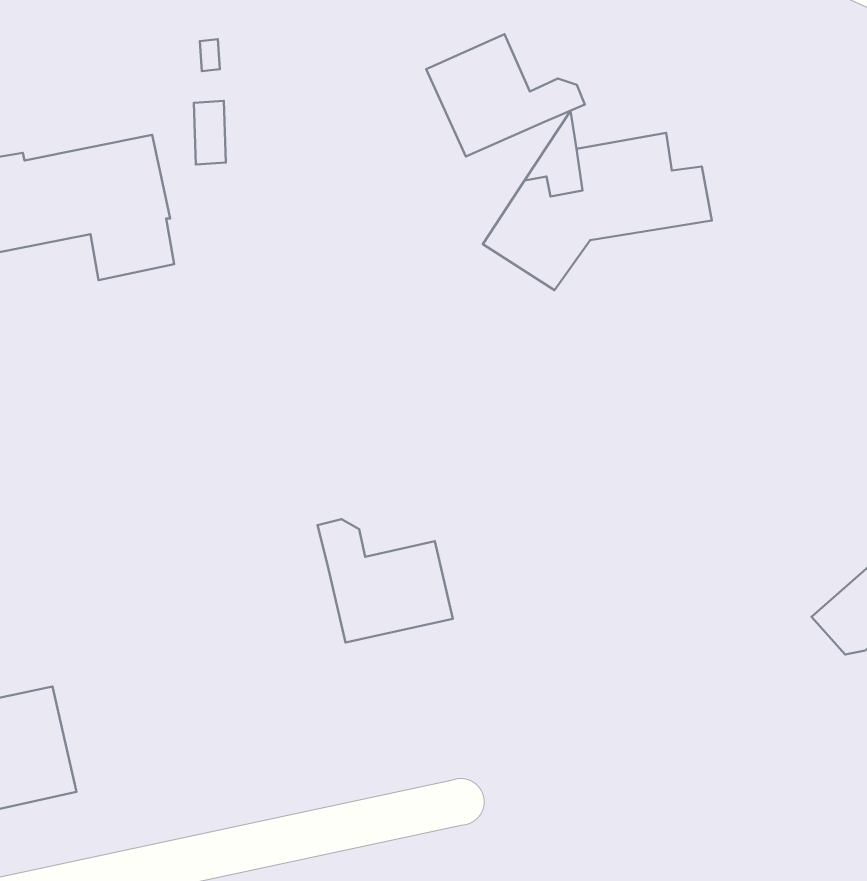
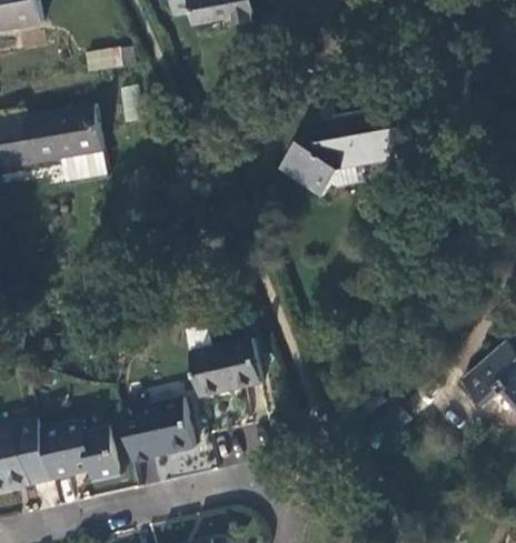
building: [426,34,585,157] -> none
building: none -> [121,396,195,459]
building: none -> [40,420,118,480]

